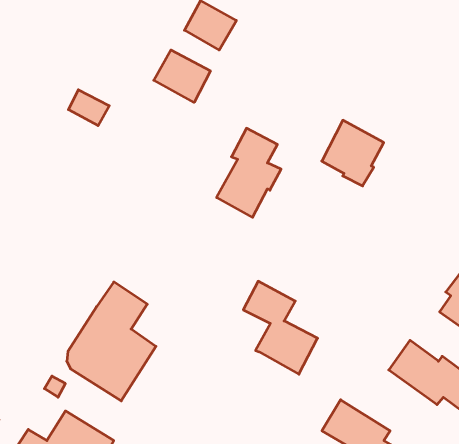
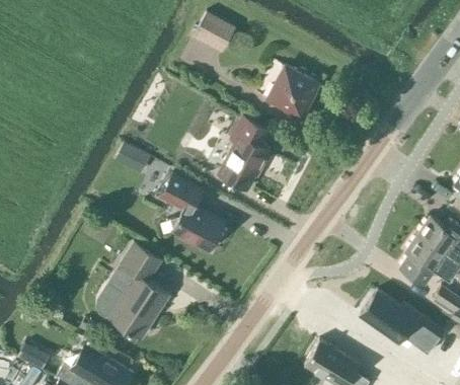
building: [154,50,210,102] -> none
building: [68,90,109,126] -> [113,144,147,173]
building: [322,120,384,186] -> [267,68,318,122]
building: [243,281,318,374] -> [160,175,221,251]

